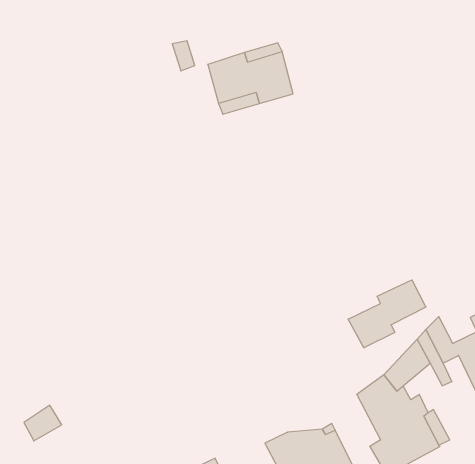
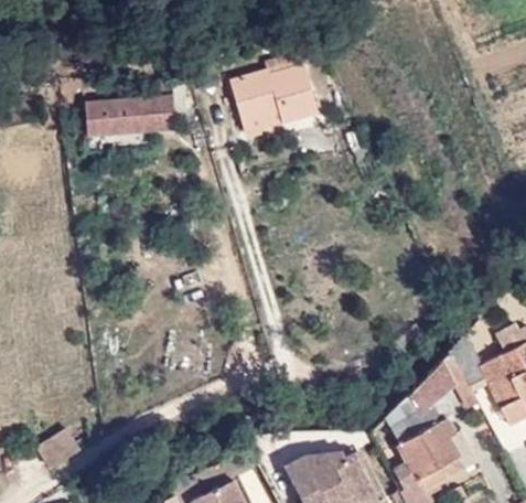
building: none -> [85,77,183,136]
building: [348,280,426,348] -> none

